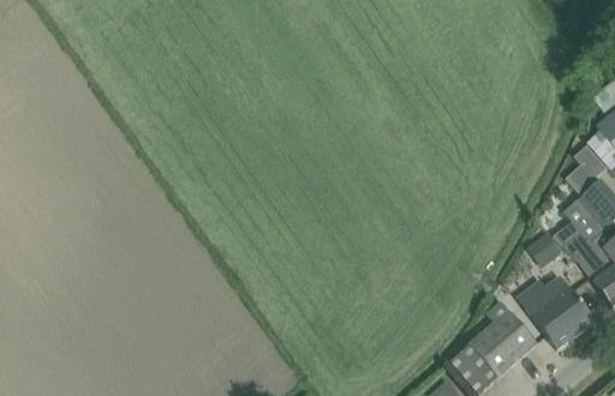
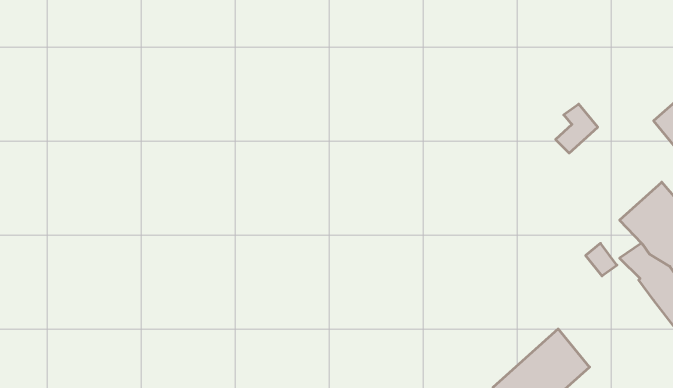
building: [567,145,604,188] -> [556,104,598,153]
building: [524,276,593,348] -> none

